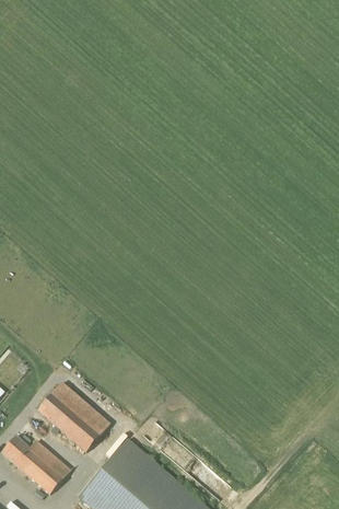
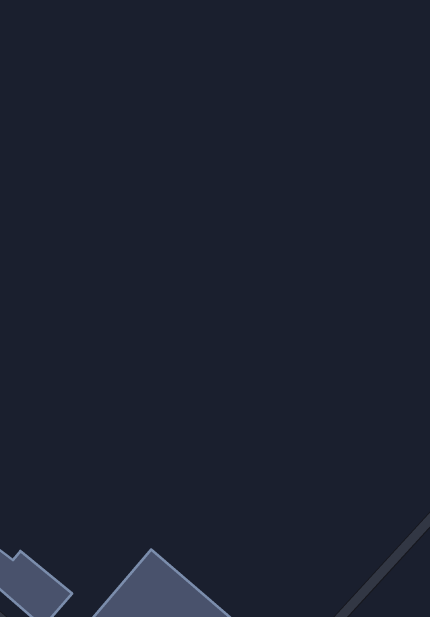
building: [37,382,110,452] -> none

